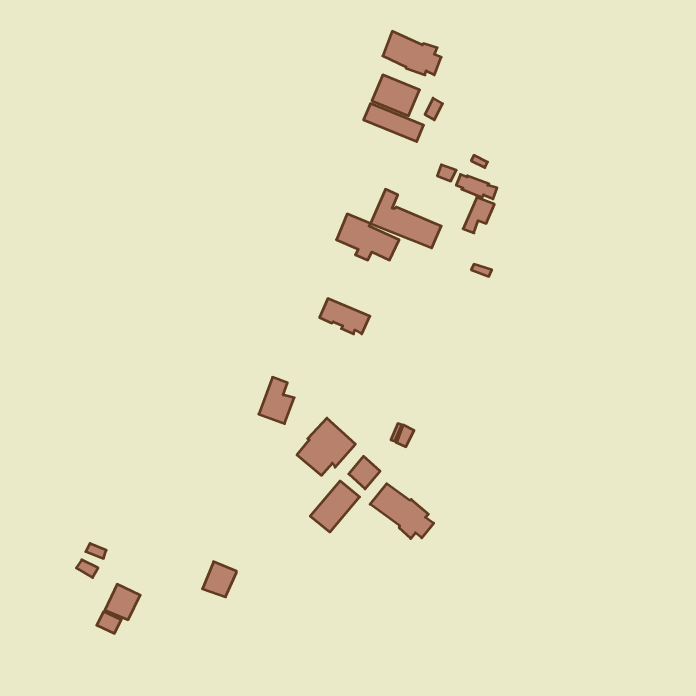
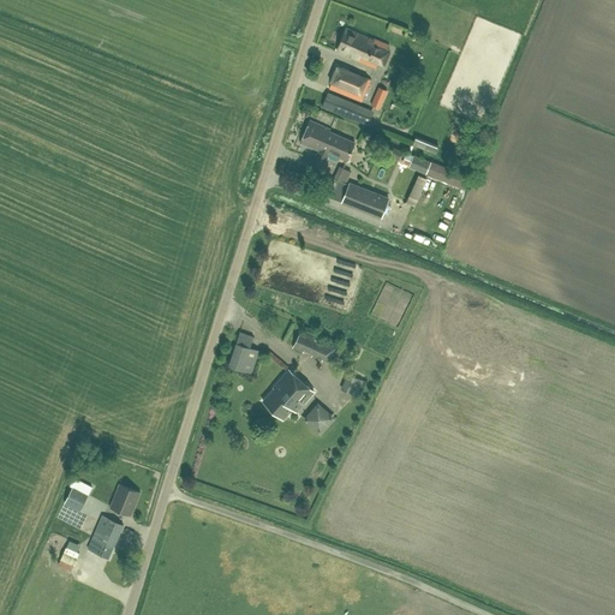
building: [336,214,399,260] -> [299,119,354,160]
building: [320,299,370,334] -> [292,332,336,363]
building: [310,481,360,532] -> none
building: [370,484,434,539] -> none
building: [202,562,236,597] -> [109,483,139,514]

